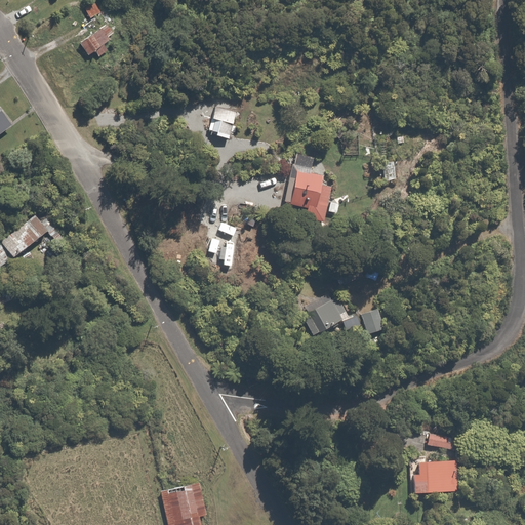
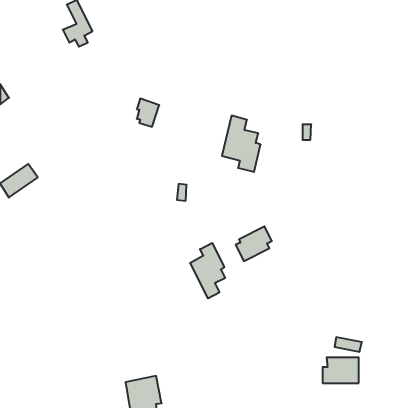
building: [211,107,240,143] -> [137,99,159,127]
building: [359,309,385,335] -> none
building: none -> [190,243,225,298]

